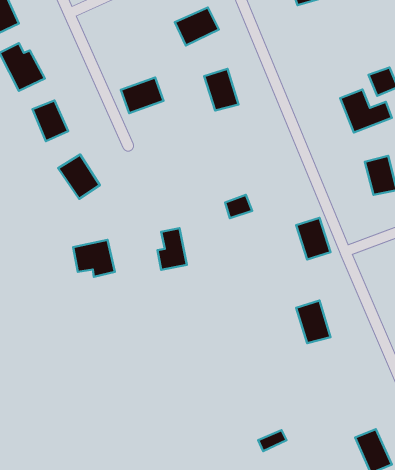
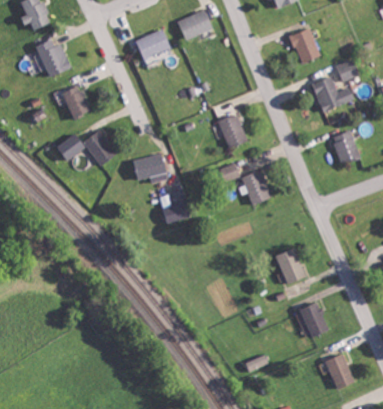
building: none -> [291,28,319,62]
building: [204,69,239,110] -> [218,113,246,147]
building: [121,78,164,113] -> [135,29,170,58]
building: none -> [56,133,85,159]
building: [296,218,330,260] -> [242,170,270,204]
building: [73,240,115,277] -> [133,153,167,183]
building: none -> [299,300,329,338]

